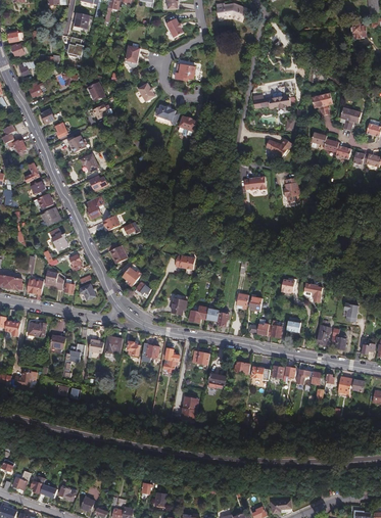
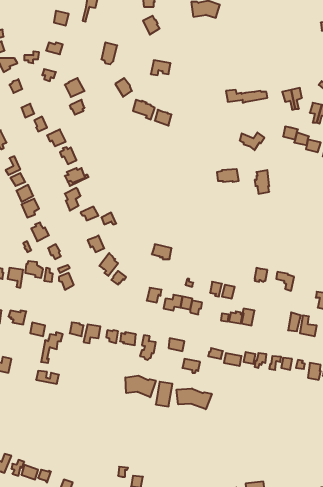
building: none -> [125,376,156,397]
building: none -> [177,388,212,409]

